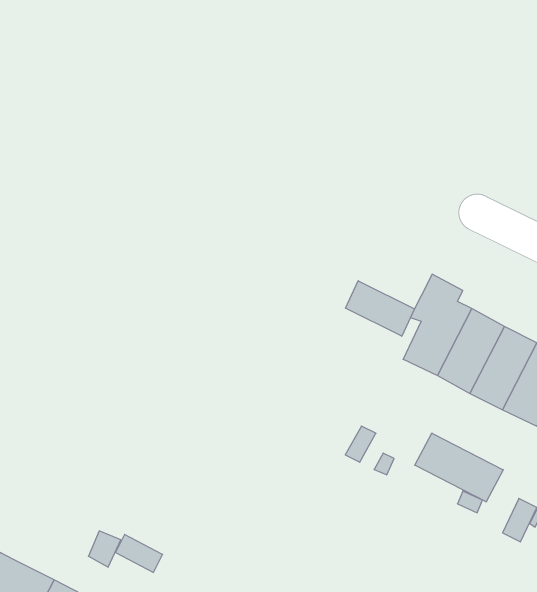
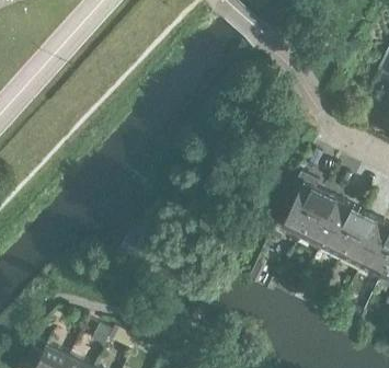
building: [346,281,414,336] -> none
building: [415,433,503,502] -> none

